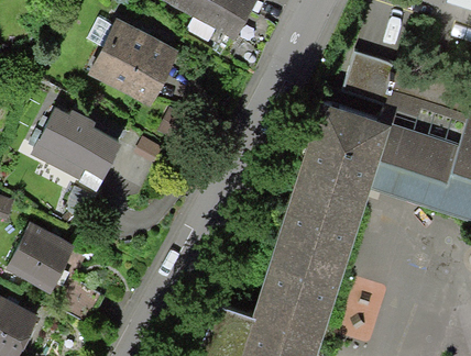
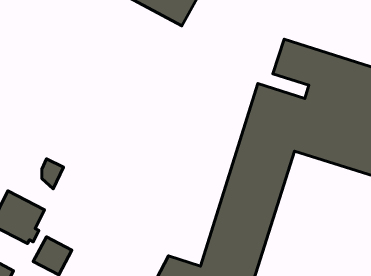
building: [90,20,174,99] -> none
building: [34,112,120,187] -> none

